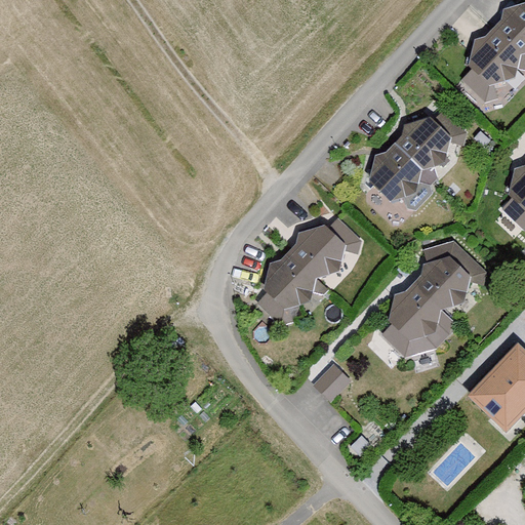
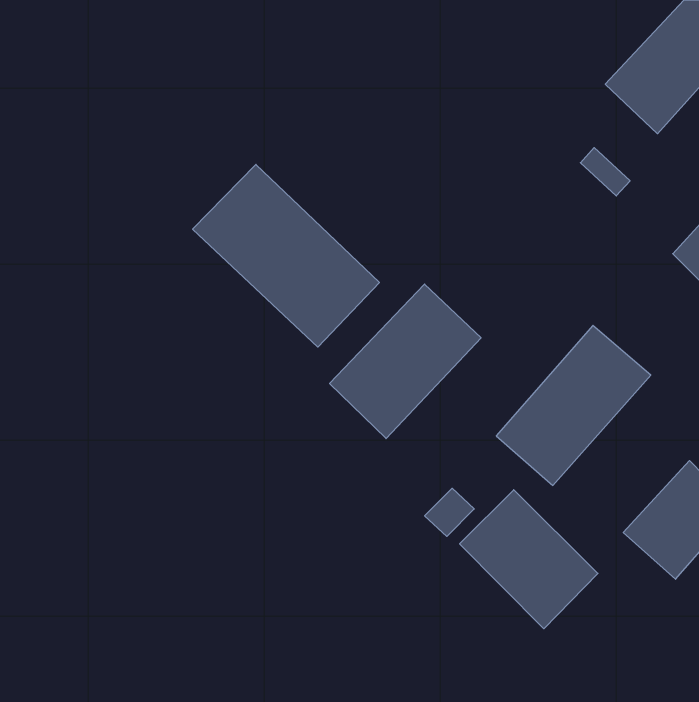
building: [358,110,460,213] -> none
building: none -> [193,164,379,347]
building: none -> [460,490,598,629]

